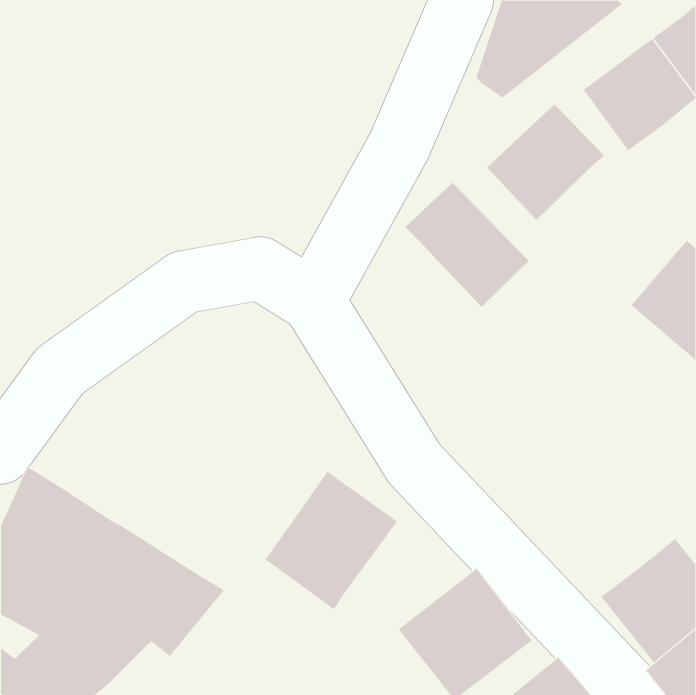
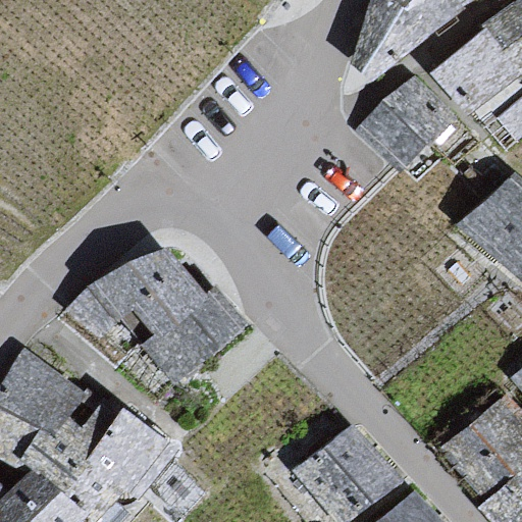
building: [404,182,530,308] -> none
building: none -> [67,254,243,380]
building: [265,471,398,610] -> none

